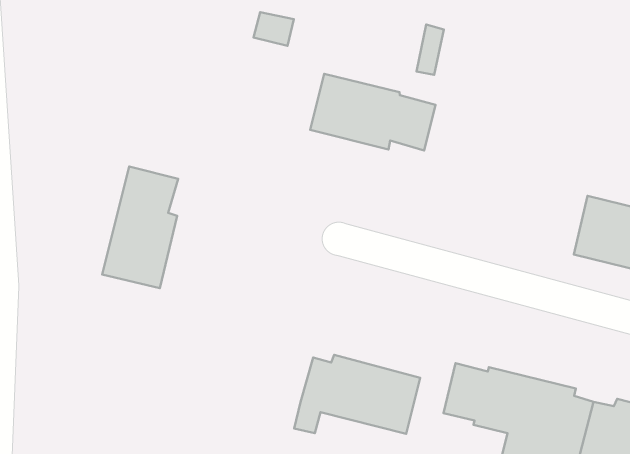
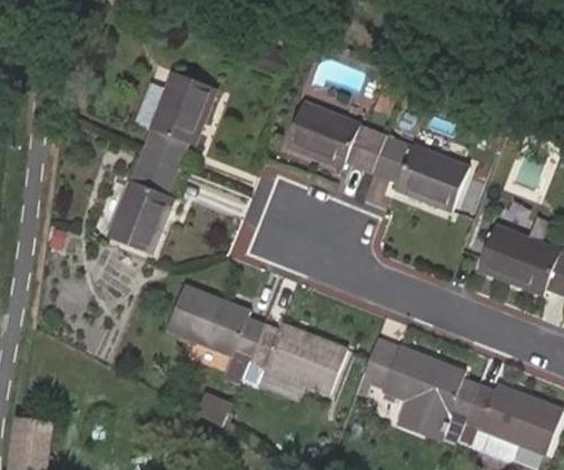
building: none -> [136,70,217,168]
building: none -> [373,137,469,209]
building: none -> [168,284,265,375]

